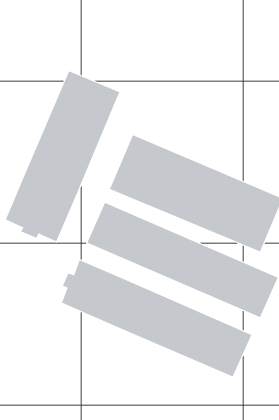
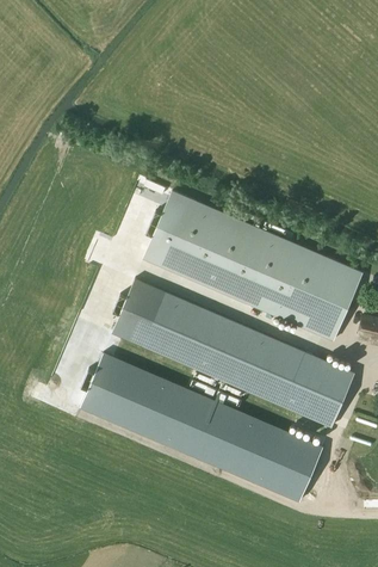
building: [5,70,120,242] -> none

